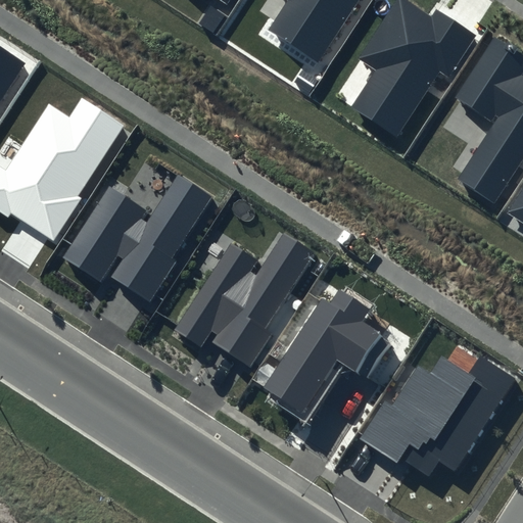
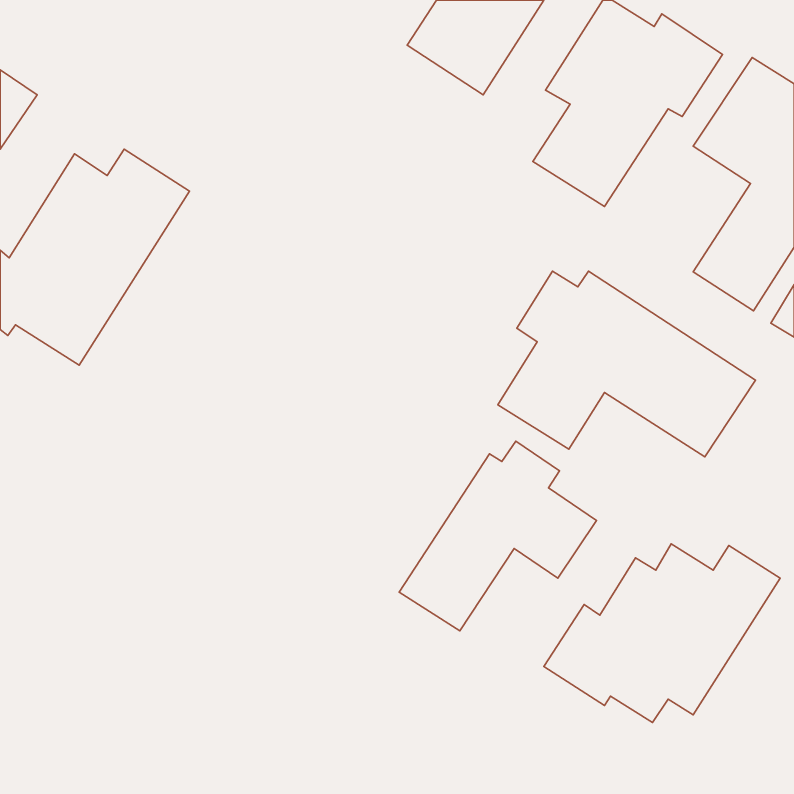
building: [63,177,211,301] -> none
building: none -> [498,271,756,457]
building: [176,233,314,366] -> none

